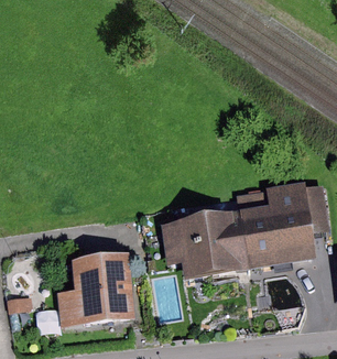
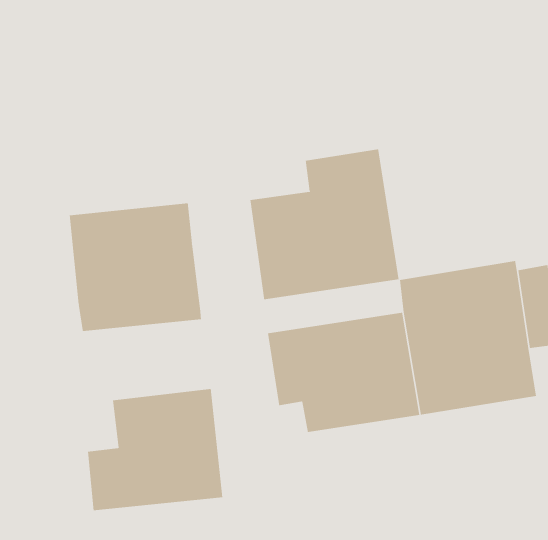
building: none -> [250,148,399,300]
building: none -> [69,203,201,332]

